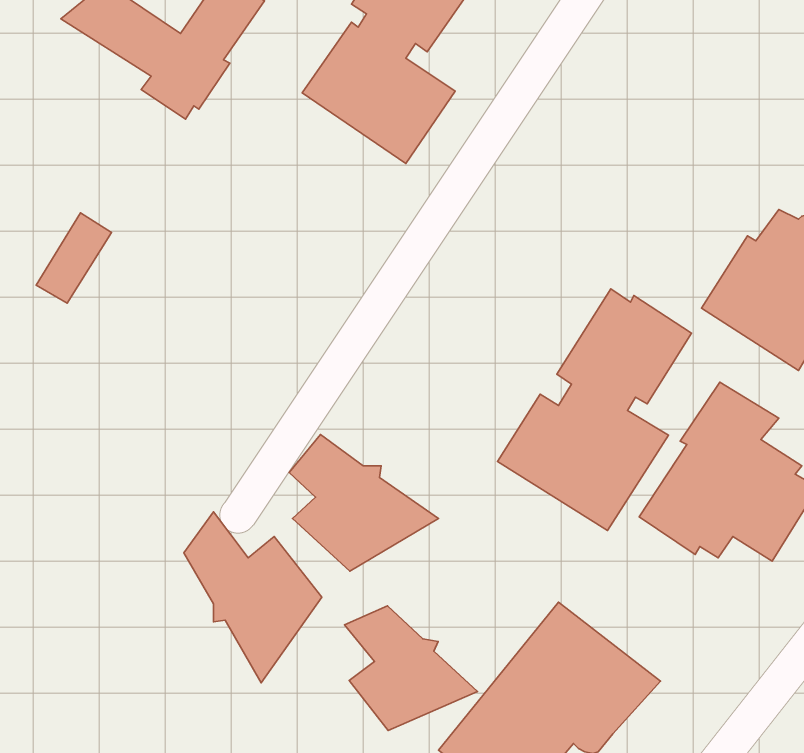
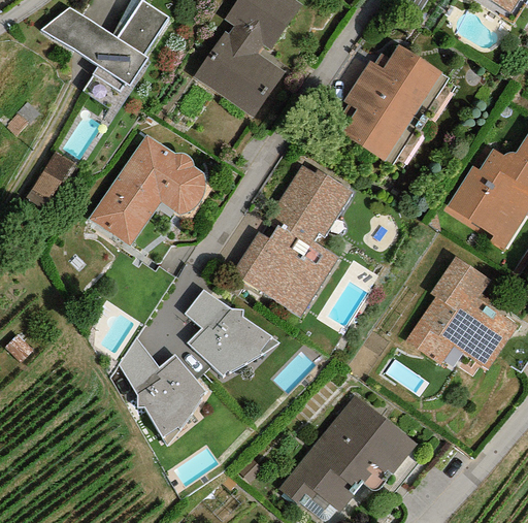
building: none -> [334,43,449,164]
building: none -> [87,134,205,246]
building: [498,289,691,530] -> [231,165,353,317]
building: [344,606,477,730] -> none

